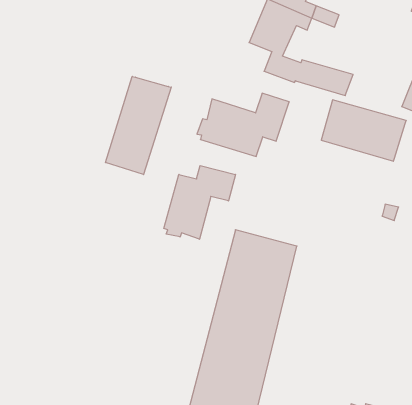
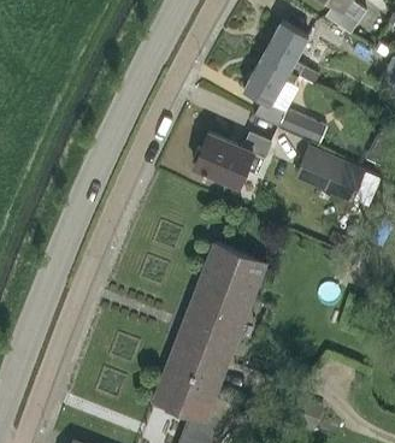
building: [106,76,171,175] -> none
building: [164,166,235,239] -> none

